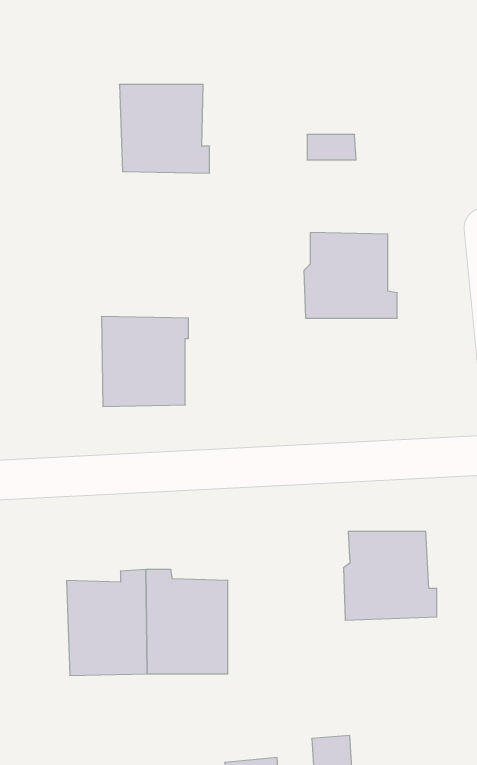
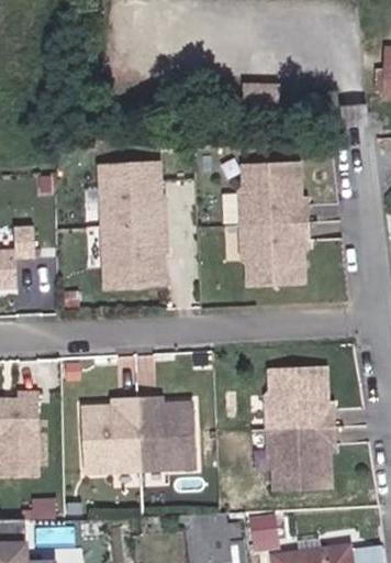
building: [119,85,210,173] -> [101,161,164,222]
building: none -> [245,222,309,283]
building: none -> [272,430,337,488]

